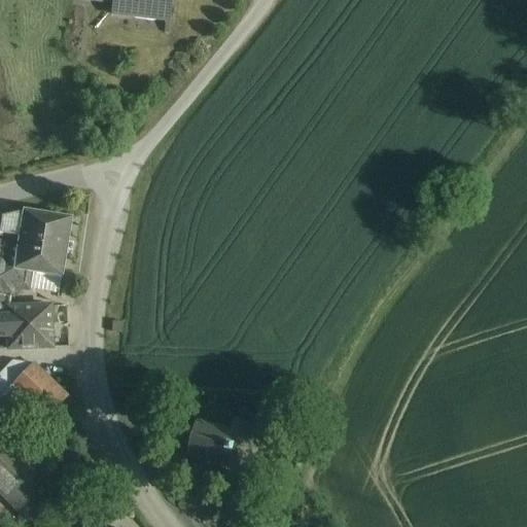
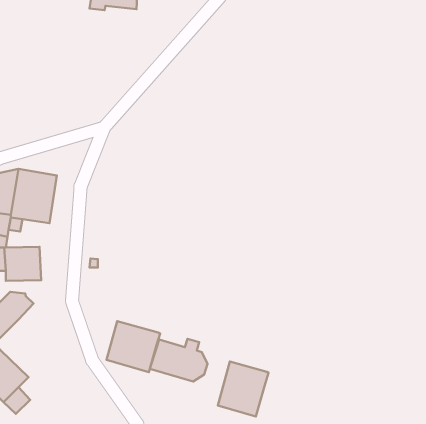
building: [23,374,63,413] -> none
building: none -> [107,321,160,372]
building: none -> [218,361,269,416]

